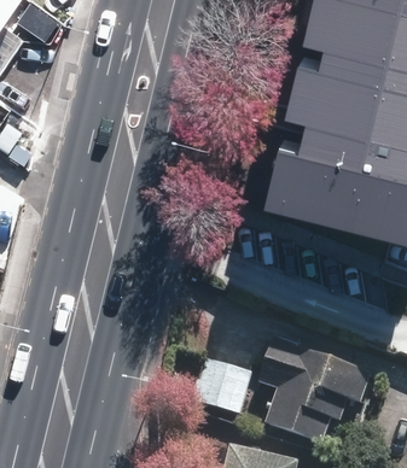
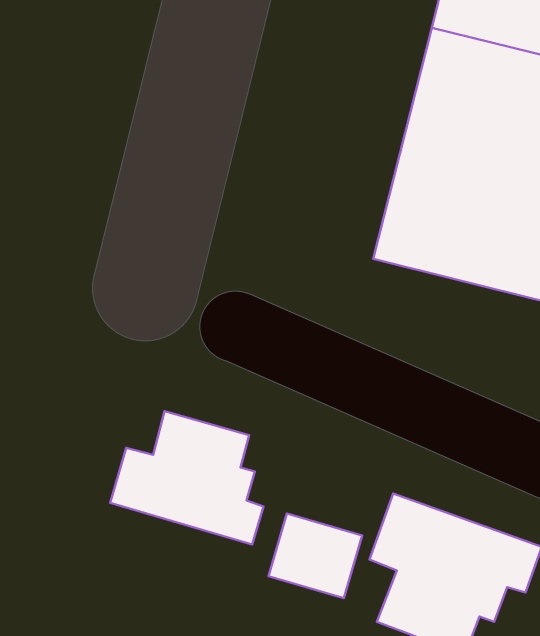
building: none -> [110,411,263,544]

